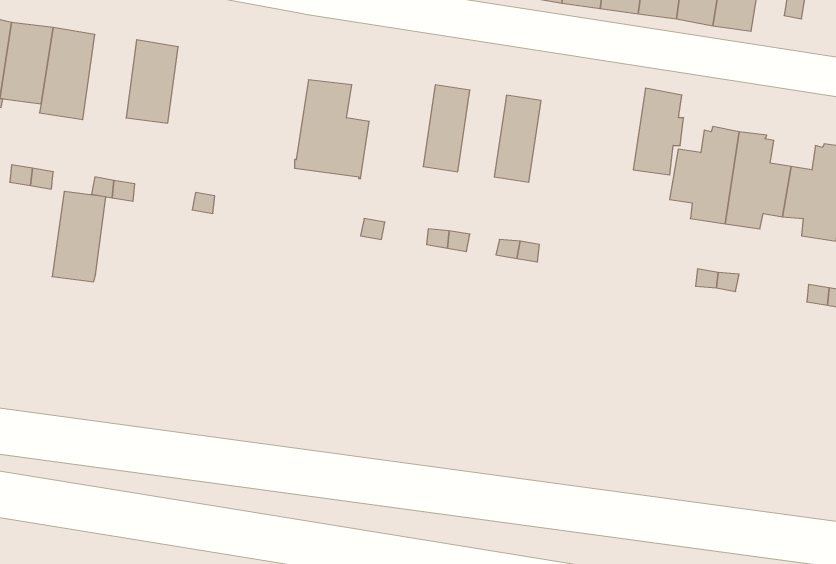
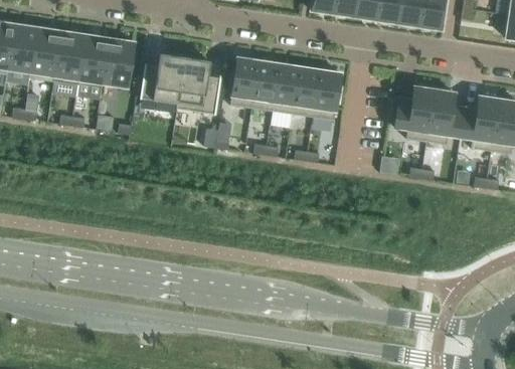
building: none -> [103,39,133,87]
building: none -> [139,54,184,105]
building: none -> [229,58,258,109]
building: [633,88,684,175] -> [312,70,341,121]
building: none -> [271,64,299,115]
building: [52,191,106,282] -> [53,32,84,84]

